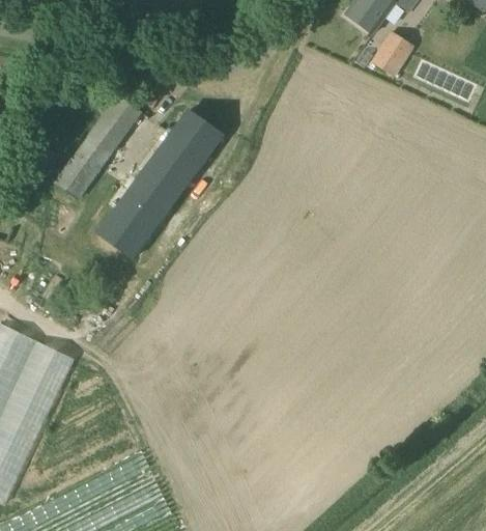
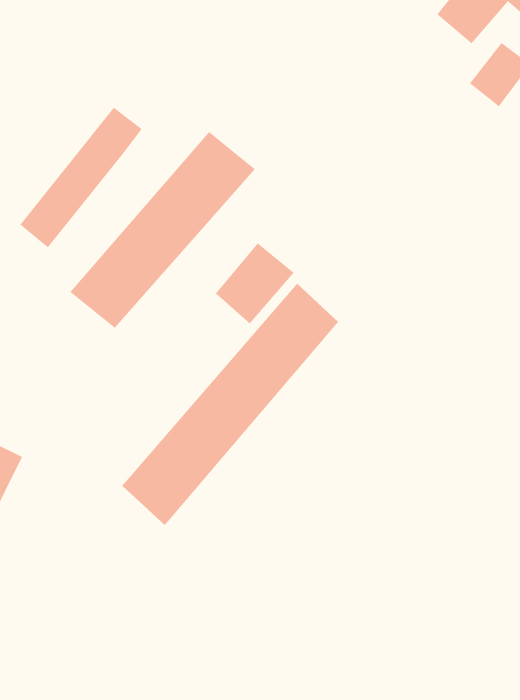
building: none -> [215,243,294,324]
building: none -> [122,283,339,526]

